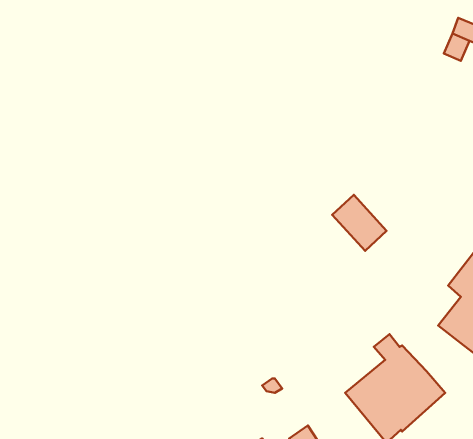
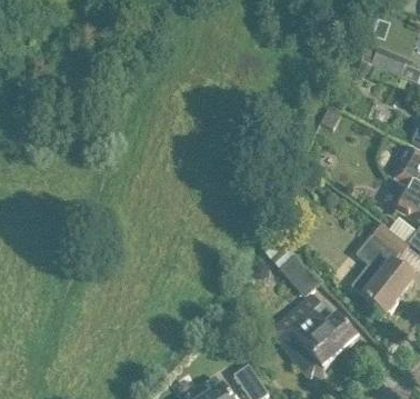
building: [332,195,387,251] -> [280,251,322,295]

